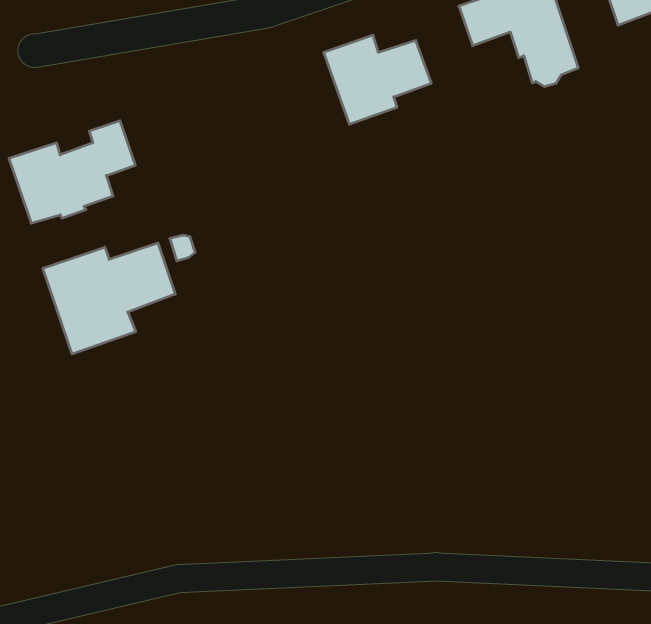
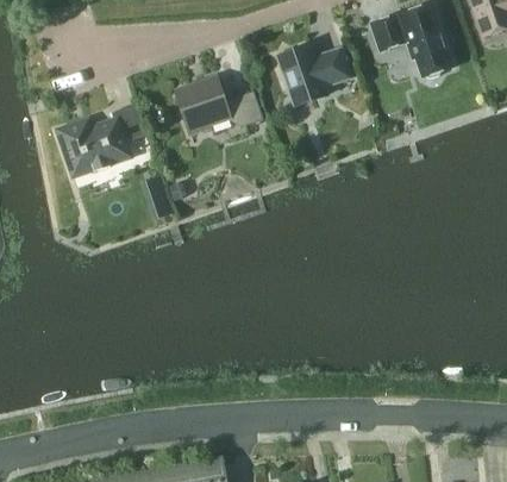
building: none -> [174,76,263,143]
building: [43,243,175,354] -> none

